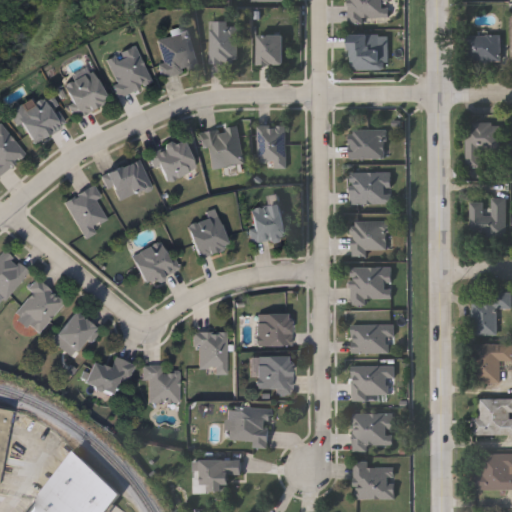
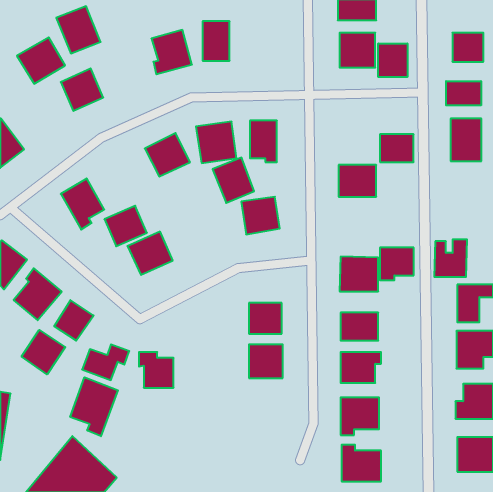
building: [259,35,285,65] -> none
building: none -> [378,43,407,77]
building: [105,46,151,95] -> [56,6,101,53]
building: none -> [446,81,481,105]
building: [16,95,66,143] -> [17,37,65,84]
building: [351,130,386,159] -> [380,134,414,162]
building: [106,159,150,201] -> [104,206,147,246]
building: [473,199,507,238] -> [434,239,467,277]
building: [187,213,230,260] -> [213,158,254,203]
building: [353,222,388,256] -> [380,248,414,280]
building: [194,332,228,372] -> none
building: none -> [22,330,65,374]
building: none -> [70,377,118,436]
building: [229,407,272,445] -> none
building: [194,460,242,491] -> none

